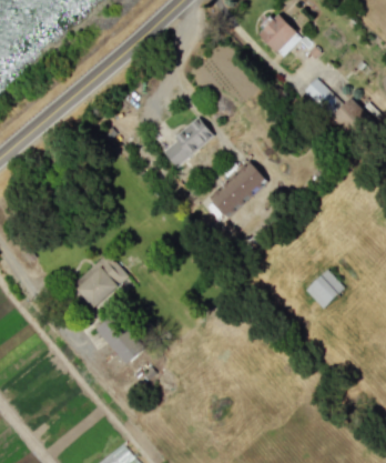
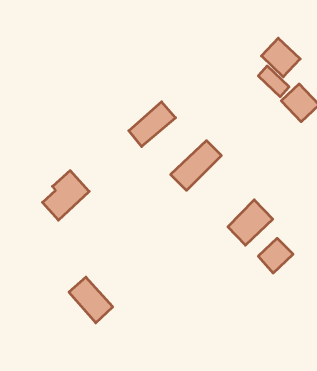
building: [258,14,302,58] -> [261,38,300,77]
building: none -> [228,200,273,245]
building: [77,253,129,309] -> [42,171,89,220]

